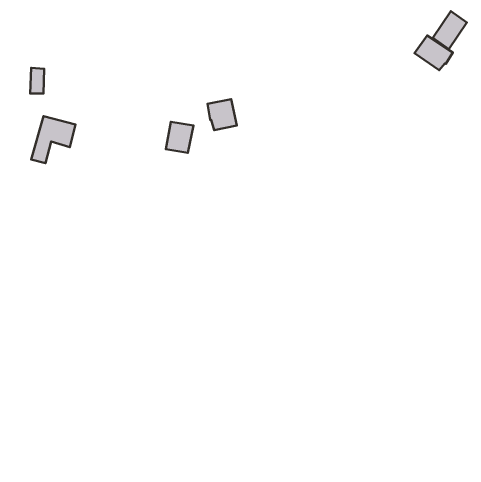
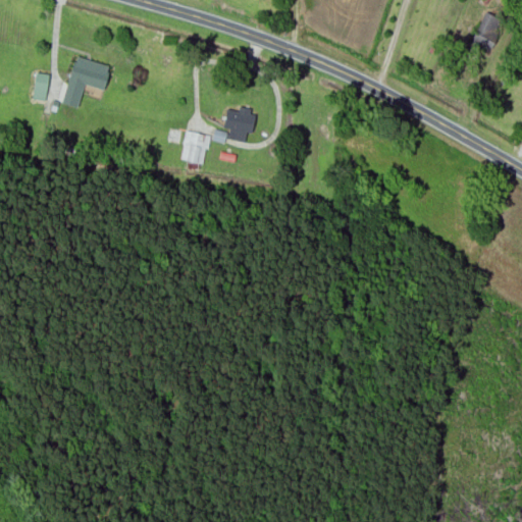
building: [415,35,453,70] -> none
building: [31,116,76,163] -> [62,57,110,108]

